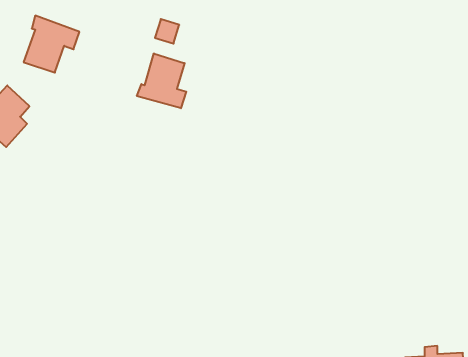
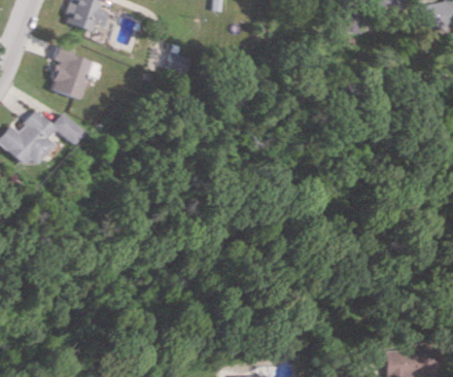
building: [137,53,186,108] -> none
building: none -> [49,112,81,144]

